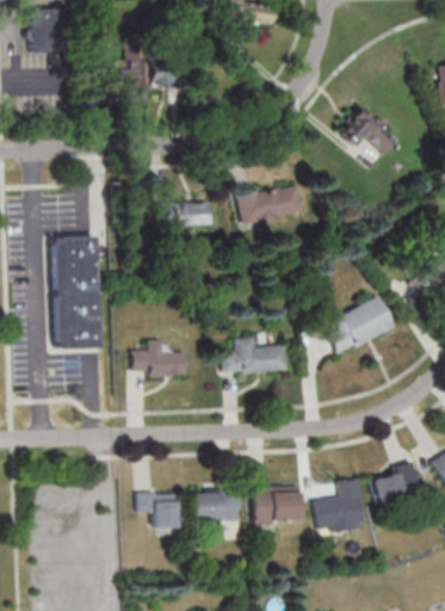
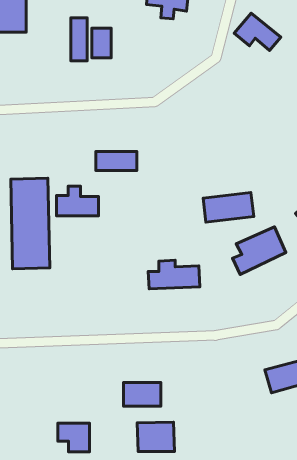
building: [340,107,398,154] -> [234,13,281,50]
building: [239,186,302,223] -> [203,193,254,222]
building: [134,339,186,376] -> [57,186,99,216]
building: [315,479,364,533] -> none
building: [253,486,299,523] -> [137,422,174,452]
building: [138,492,178,527] -> [58,423,89,452]

